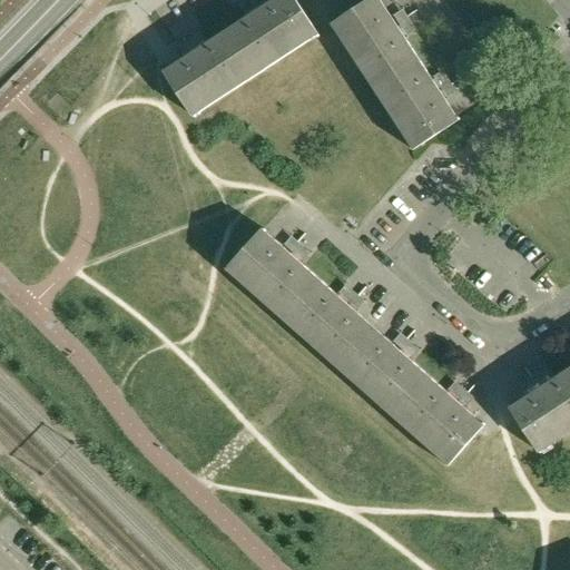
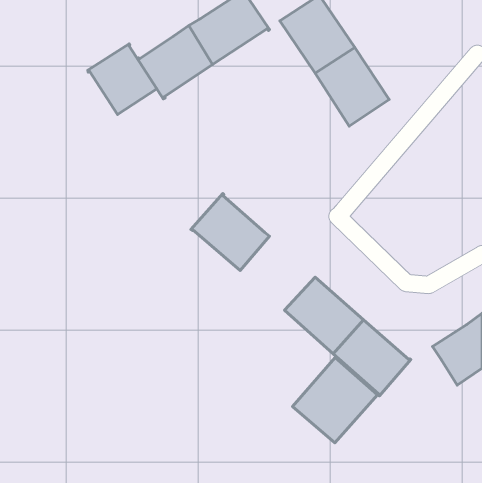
building: none -> [88,44,157,115]
building: [282,277,370,364] -> none
building: none -> [293,358,378,443]

